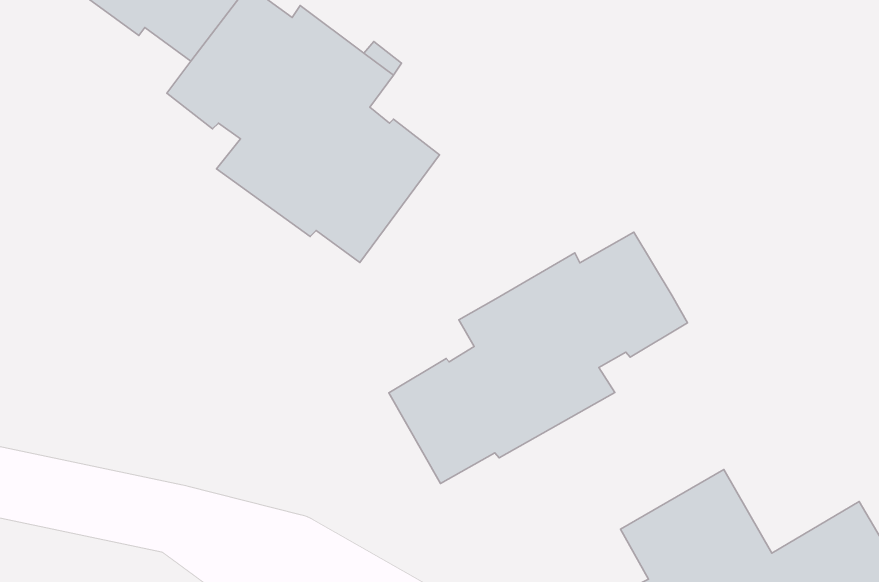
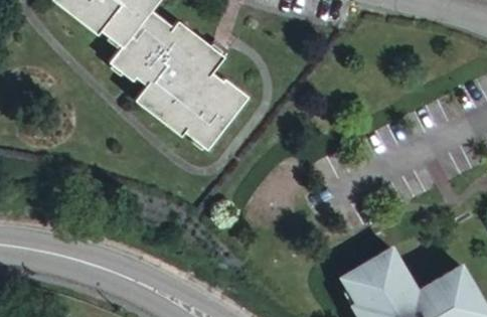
building: [389,232,688,483] -> none

